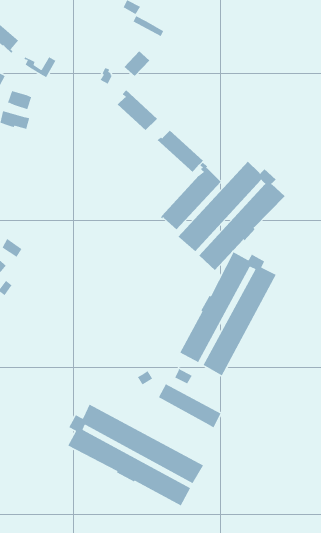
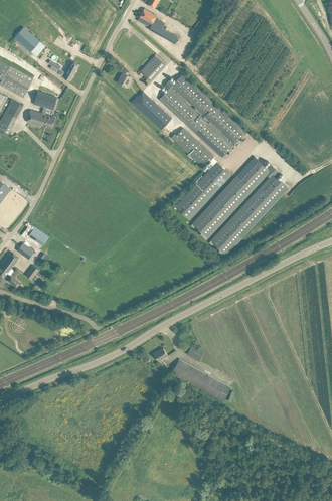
building: none -> [158,73,244,157]
building: [179,251,277,377] -> none
building: [67,403,204,506] -> none

